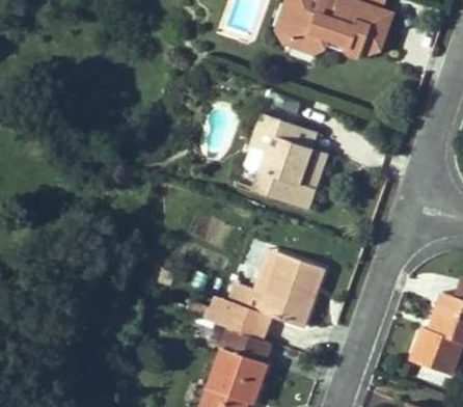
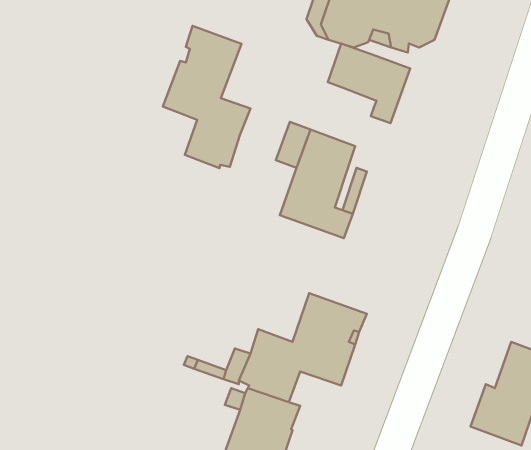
building: none -> [163,26,251,168]
building: none -> [328,44,410,123]

